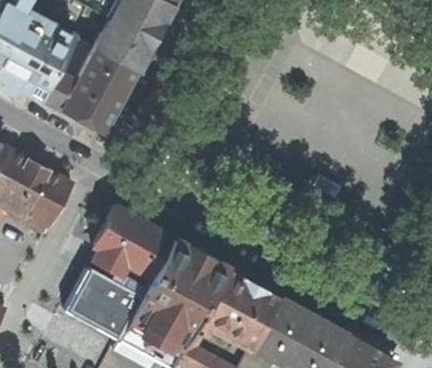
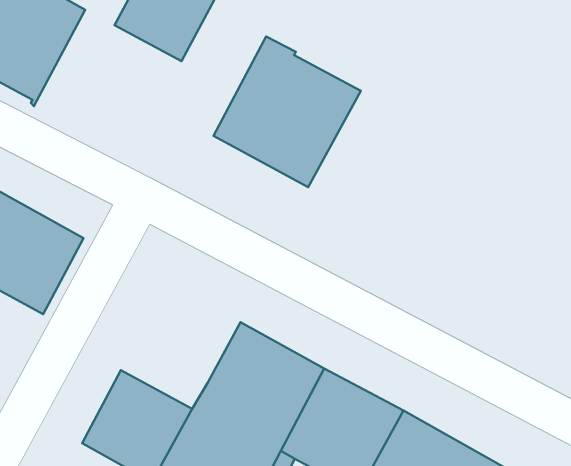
building: [42,36,137,133] -> [213,36,361,187]
building: [95,209,175,279] -> none

